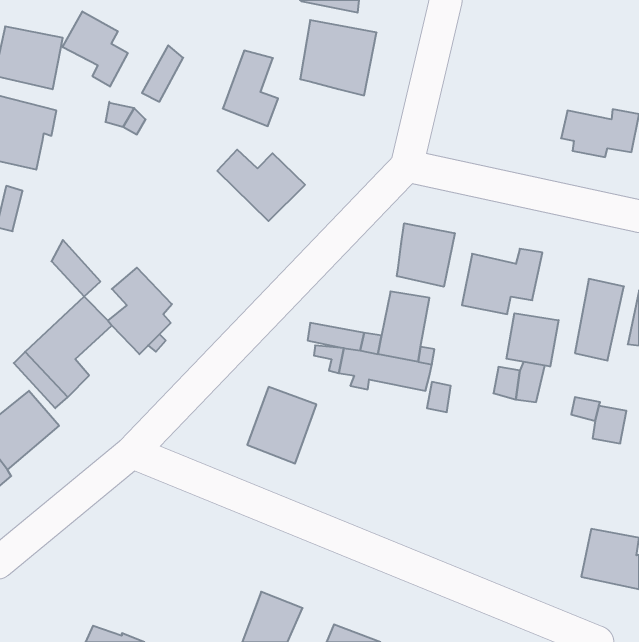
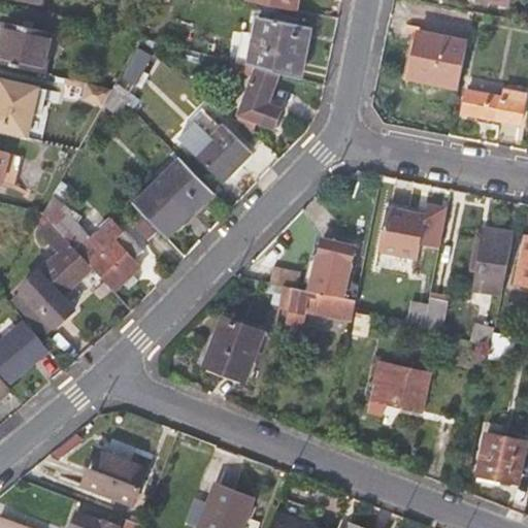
building: [63,11,128,87] -> none
building: none -> [408,31,466,88]
building: [223,51,278,126] -> [237,67,283,129]
building: none -> [132,159,211,237]
building: [397,223,455,287] -> none
building: [506,313,559,367] -> none
building: none -> [373,363,429,410]
building: none -> [79,449,144,505]

